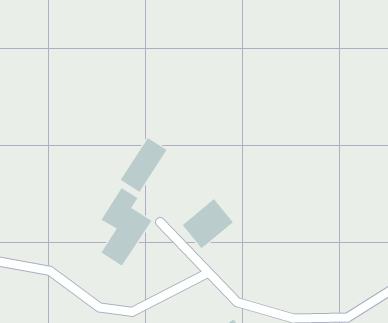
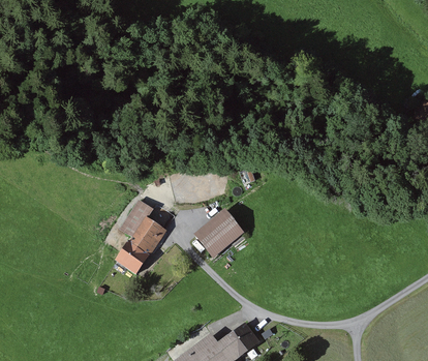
building: [120,137,167,193] -> none

